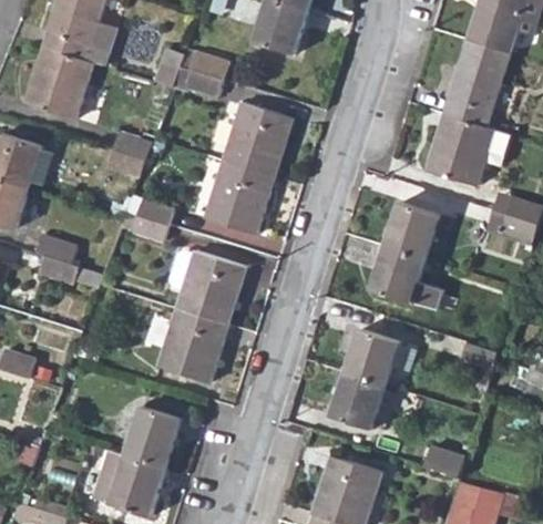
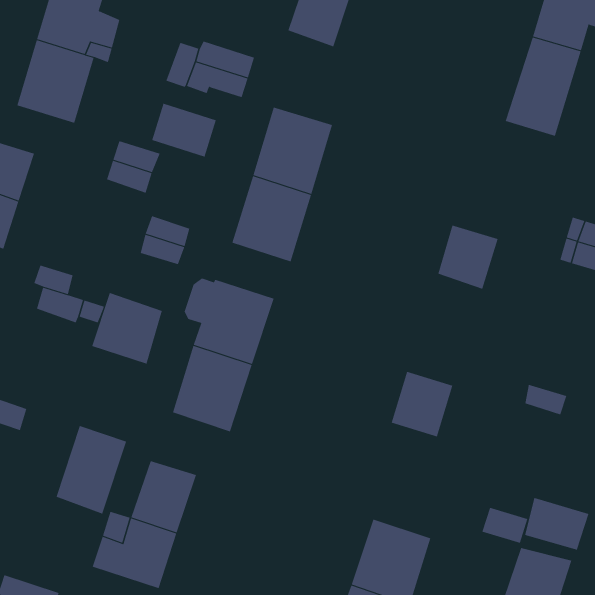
building: none -> [151,103,217,158]
building: [426,115,511,188] -> none
building: [371,246,424,304] -> none
building: none -> [92,292,163,364]
building: [331,373,386,431] -> none
building: none -> [56,425,127,514]
building: none -> [525,497,589,551]

